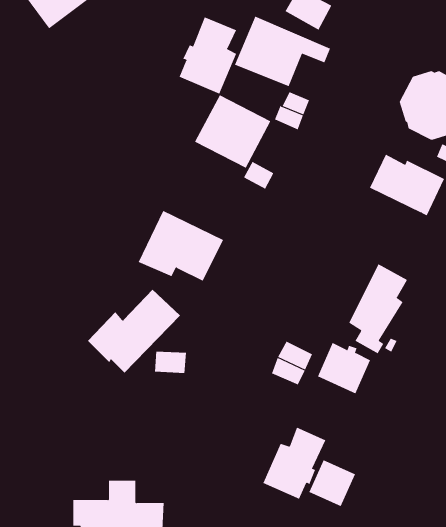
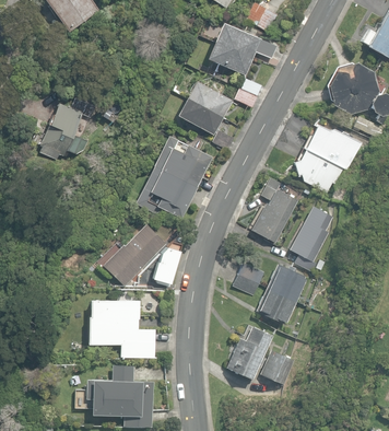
building: [179,16,237,94] -> none
building: none -> [40,96,96,156]
building: none -> [154,135,214,187]
building: none -> [294,149,344,193]
building: none -> [252,177,299,242]
building: none -> [257,288,296,324]
building: none -> [90,299,155,356]

